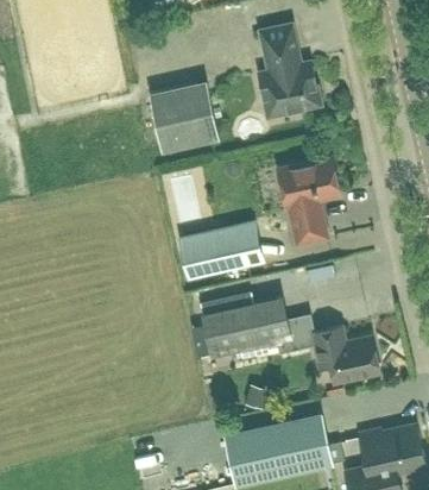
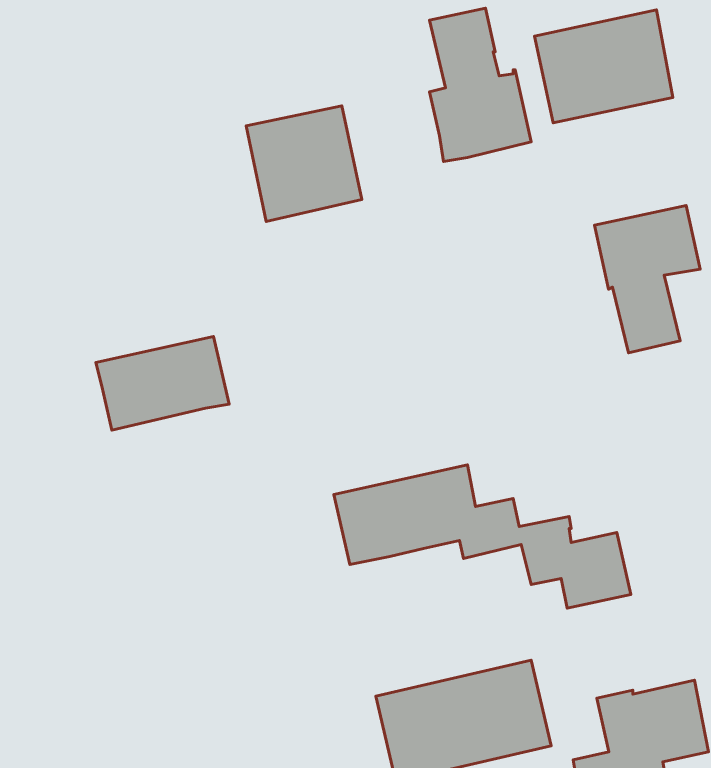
building: none -> [535,10,673,123]
building: [277,158,340,246] -> [595,205,700,353]
building: [182,224,261,279] -> [96,336,229,430]

